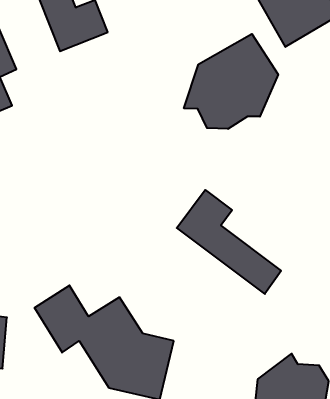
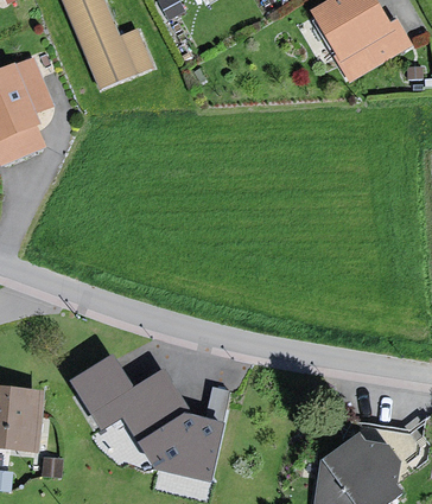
building: [184,34,278,129] -> none
building: [177,190,281,294] -> none

